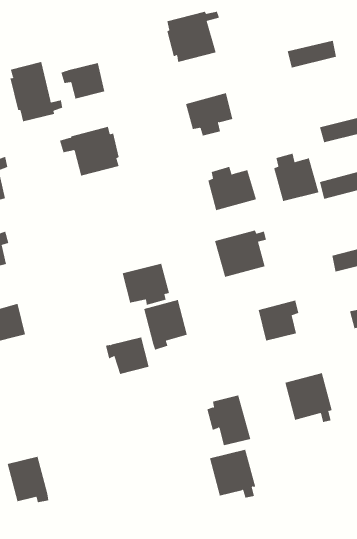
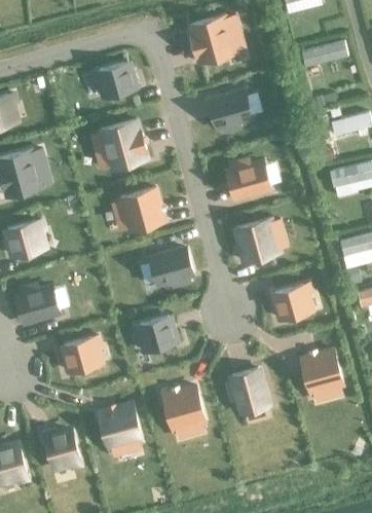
building: [10,61,63,122] -> none
building: [273,153,319,202] -> none
building: none -> [113,186,166,230]
building: [143,299,188,351] -> none
building: none -> [65,335,100,371]
building: none -> [100,402,143,456]
building: [209,449,256,498] -> [163,387,207,432]

